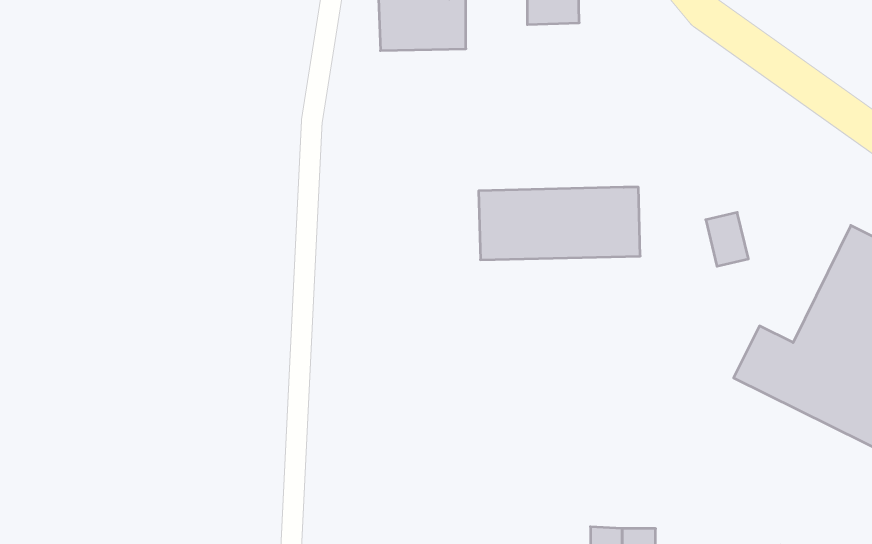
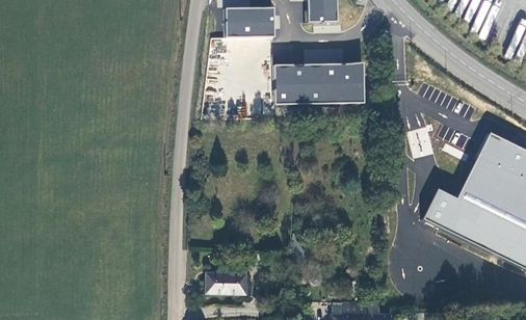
building: [479,187,640,260] -> [273,62,364,103]
building: none -> [207,272,246,294]

